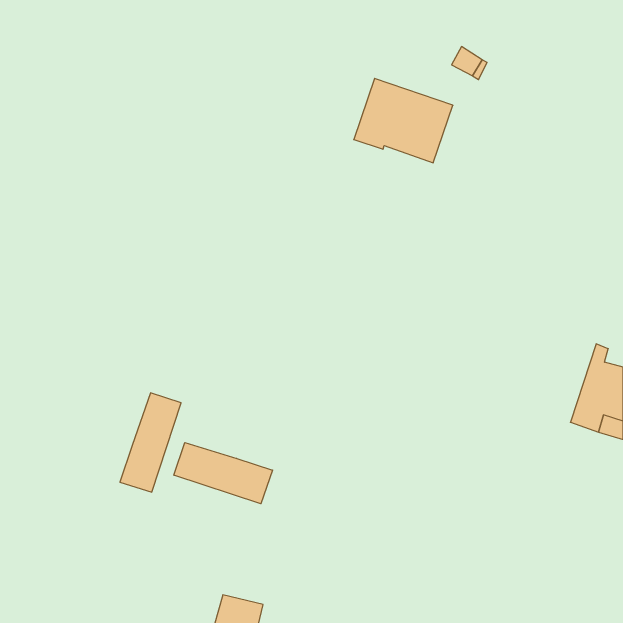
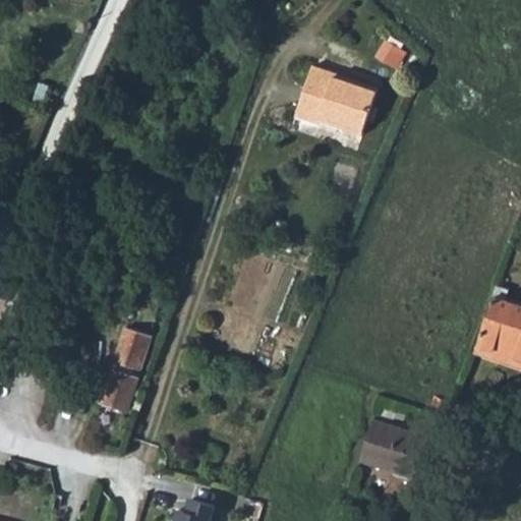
building: [174,443,273,504] -> none
building: none -> [359,422,425,475]

